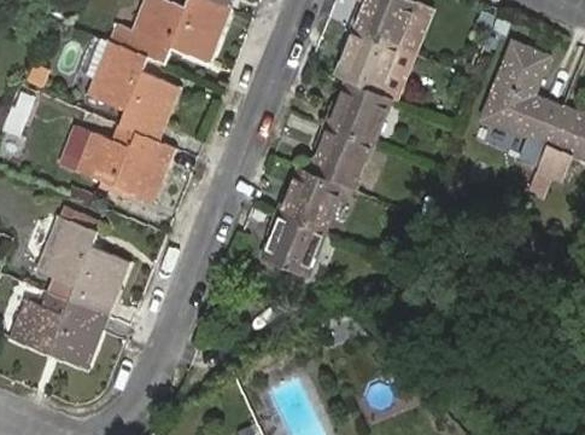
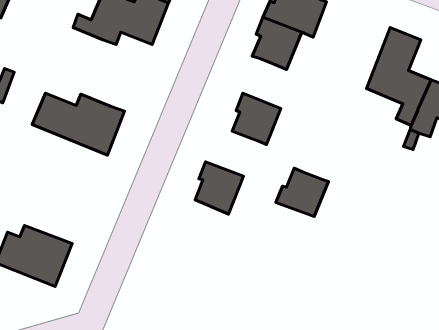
building: [87,40,180,140] -> none
building: [324,80,391,143] -> none
building: [277,167,344,228] -> [276,168,328,217]
building: [37,216,130,314] -> none

